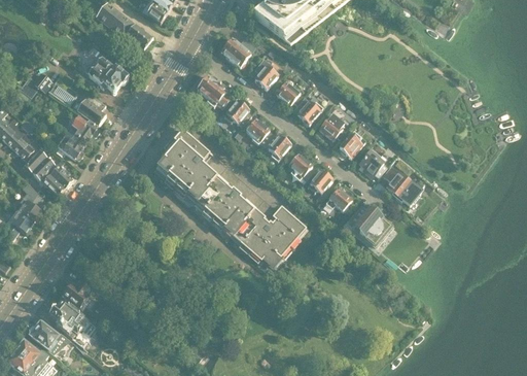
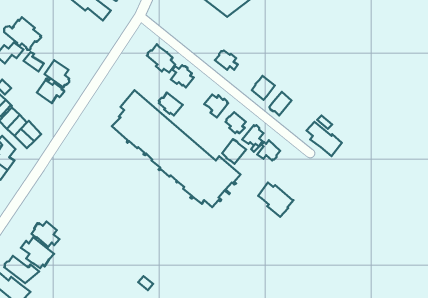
building: [219,37,254,66] -> none
building: [84,54,128,92] -> [4,17,41,50]
building: [252,61,277,89] -> none
building: [294,96,322,124] -> none
building: [245,117,273,144] -> [159,93,183,116]
building: [57,135,84,159] -> none
building: [359,147,386,176] -> none
building: none -> [222,139,246,164]
building: [348,204,389,244] -> [258,183,294,217]

